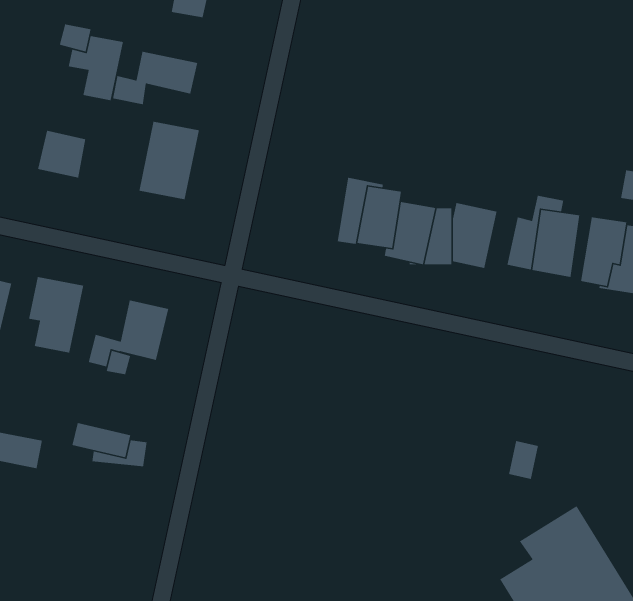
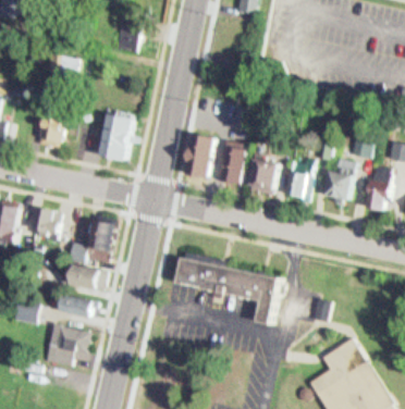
building: [112,51,198,105] -> none
building: none -> [184,132,211,177]
building: none -> [177,258,290,327]
building: none -> [57,260,100,292]
building: none -> [48,326,96,370]

